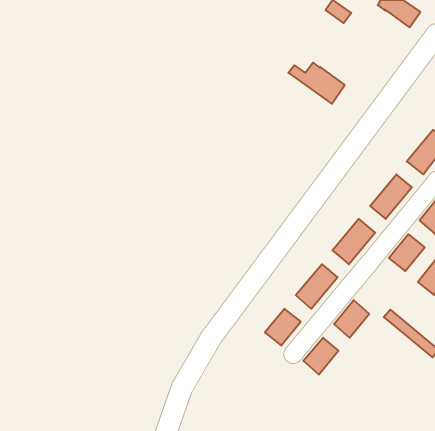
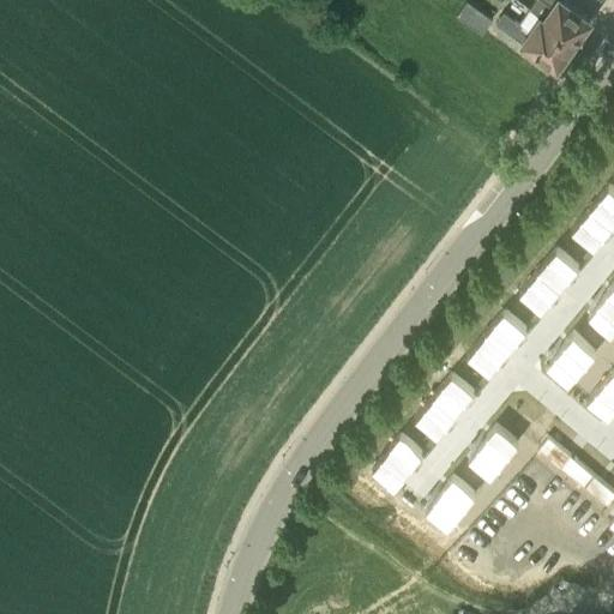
building: [288,63,345,104] -> [498,16,577,73]

